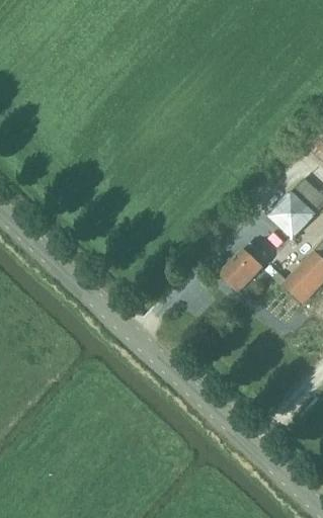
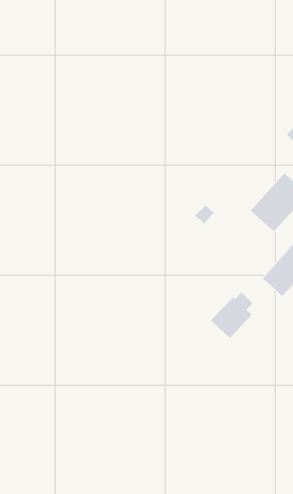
building: [218,244,261,291] -> [210,291,253,339]

